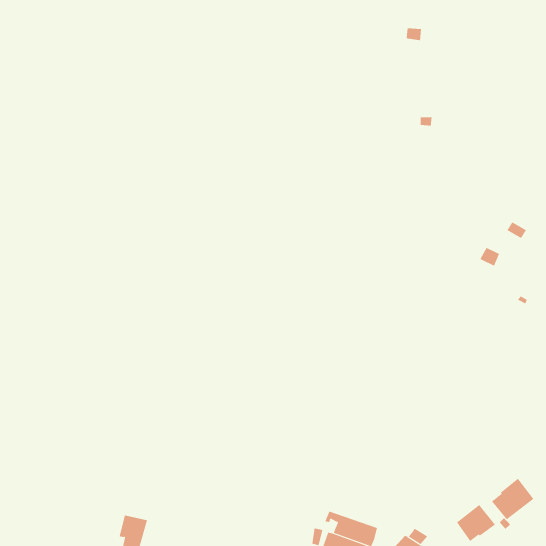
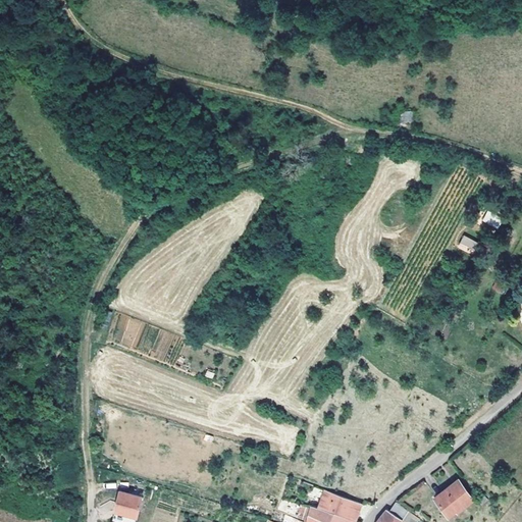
building: [491,478,534,520] -> none

